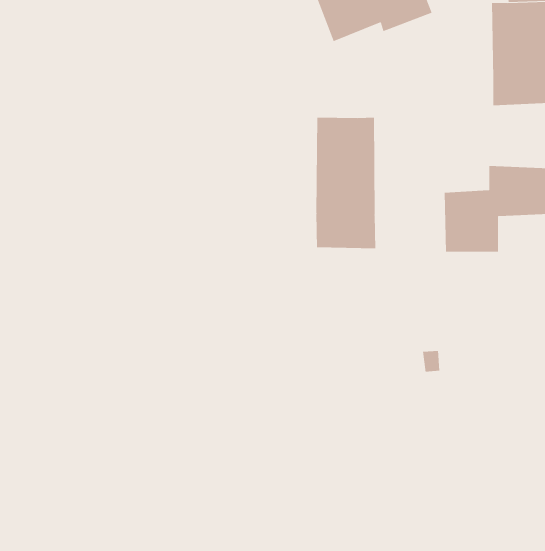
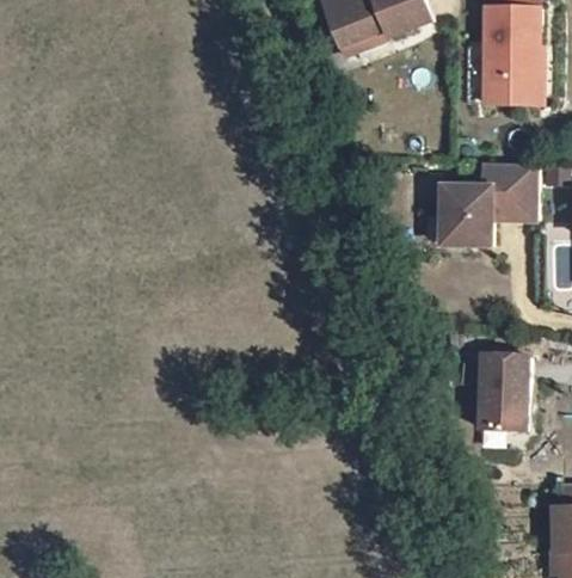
building: [316,117,376,249] -> none
building: none -> [479,353,528,430]

